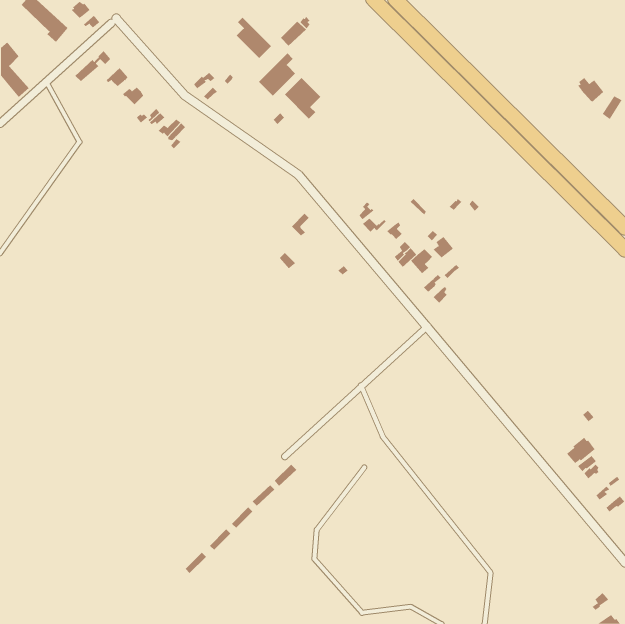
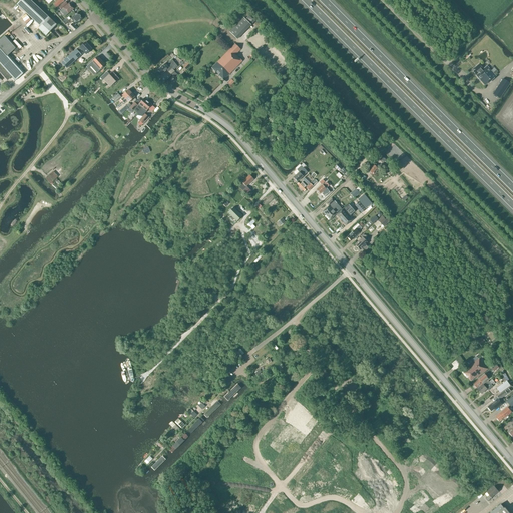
building: [236,17,272,59] -> none
building: [284,77,321,120] -> none

